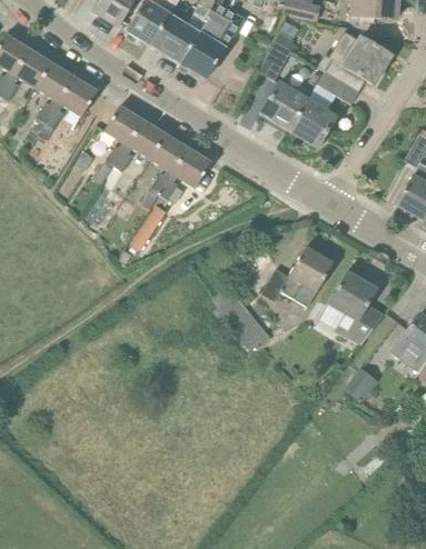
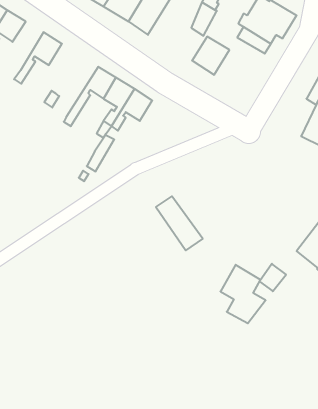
building: [36,62,75,123] -> none
building: [289,98,337,146] -> none
building: [96,104,143,181] -> none
building: [262,246,334,306] -> none
building: [328,269,385,342] -> [220,265,266,323]

